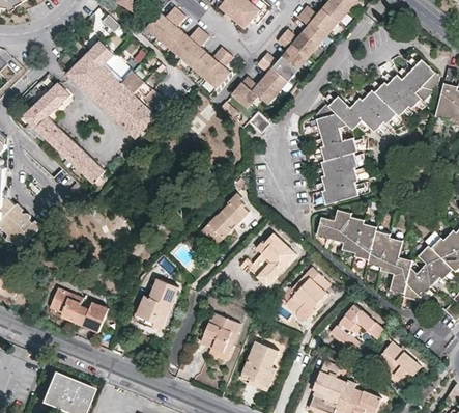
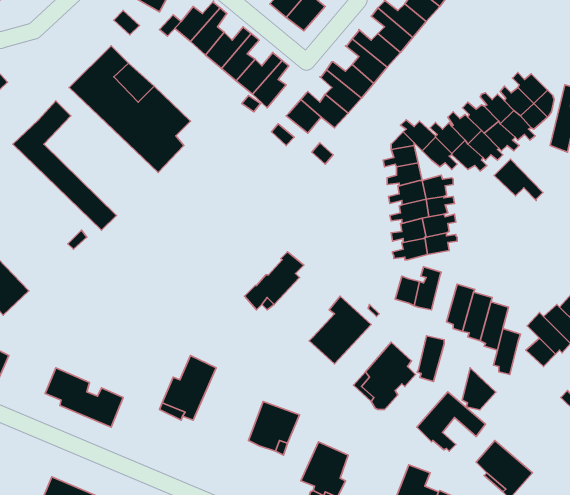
building: none -> [494,159,543,201]
building: [343,217,364,252] -> [417,336,444,382]
building: [404,268,430,300] -> [462,368,496,410]

